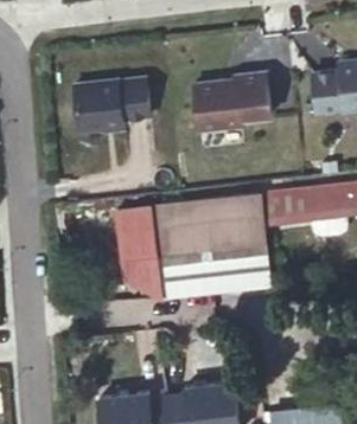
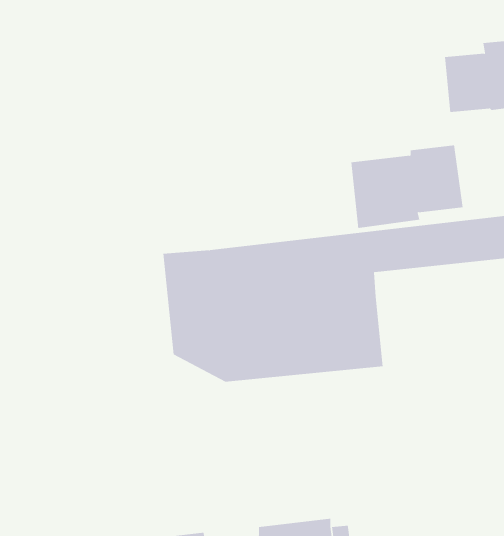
building: [195,72,272,129] -> [351,145,464,228]
building: [76,77,153,129] -> none

